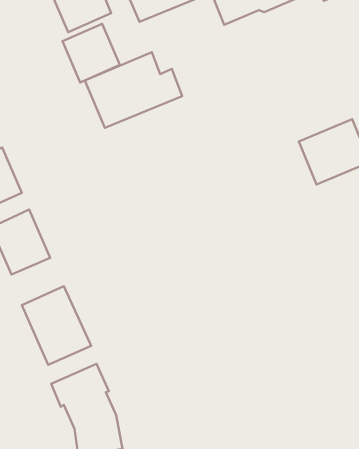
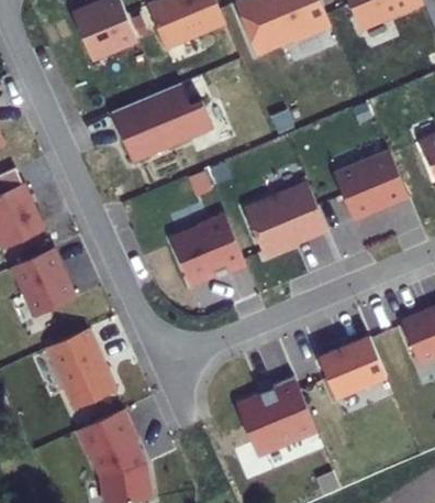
building: [62,24,120,82] -> none
building: none -> [244,184,327,258]
building: none -> [169,212,246,283]
building: none -> [319,337,386,398]
building: none -> [235,376,315,456]

